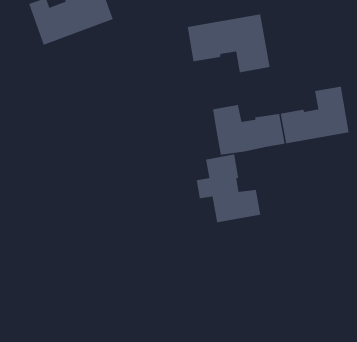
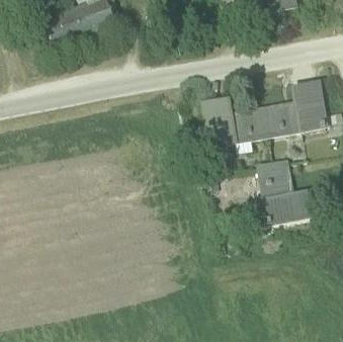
building: [187,14,271,73] -> none
building: [196,154,261,223] -> [253,159,311,221]

